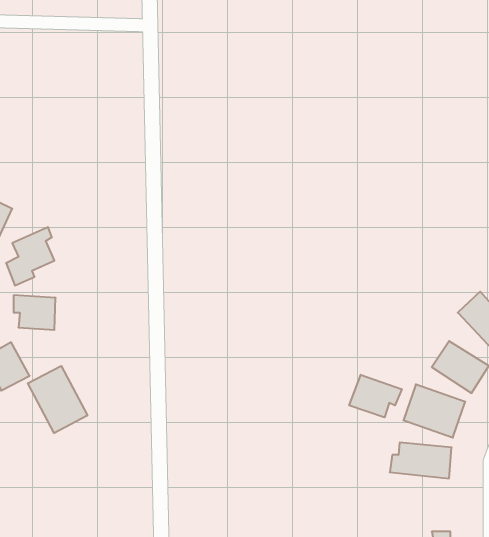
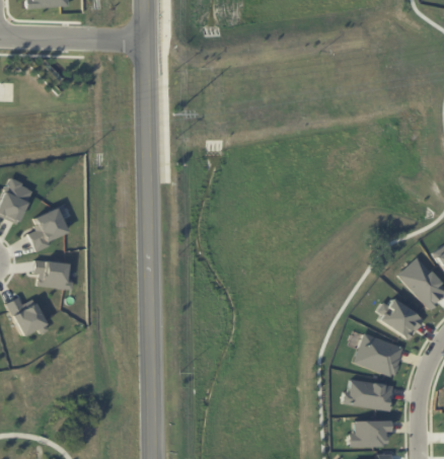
building: [28,366,87,433] -> none
building: [349,375,402,417] -> none
building: none -> [349,419,391,447]

